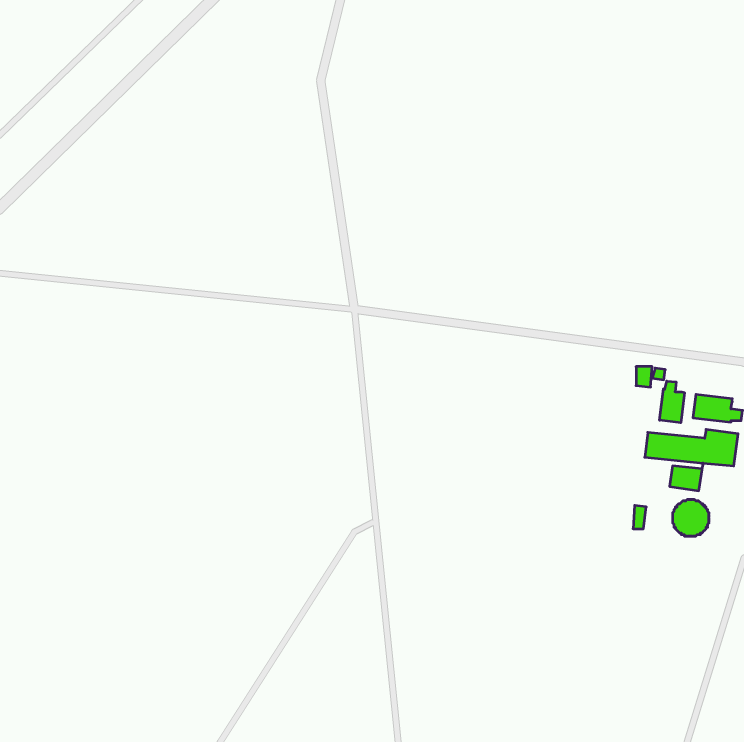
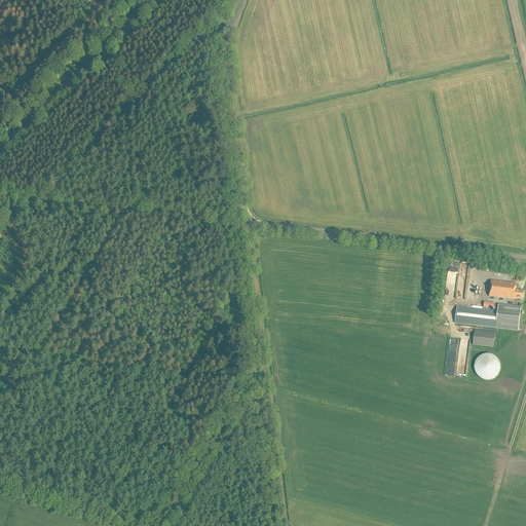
building: [660,381,684,423] -> none

